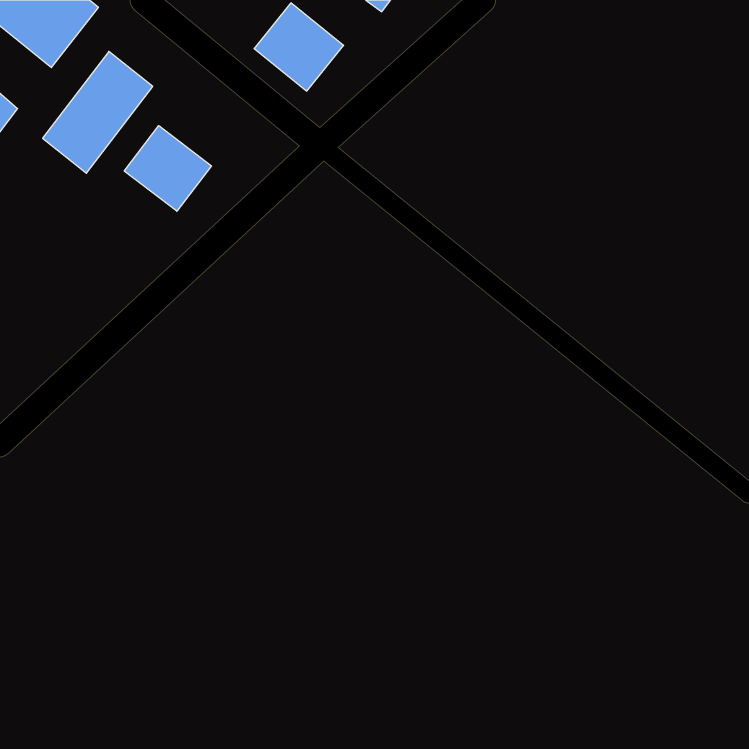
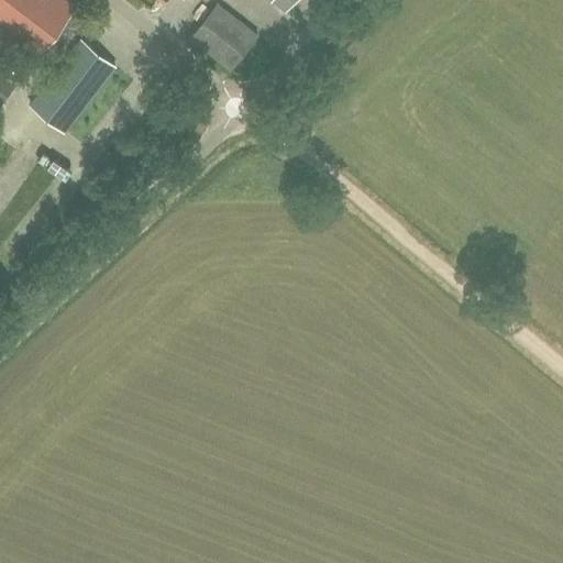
building: [124,126,211,211] -> none

